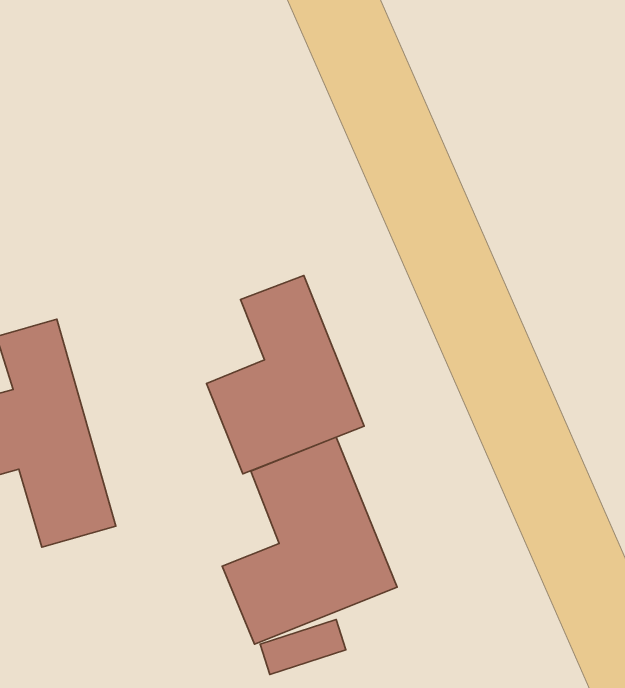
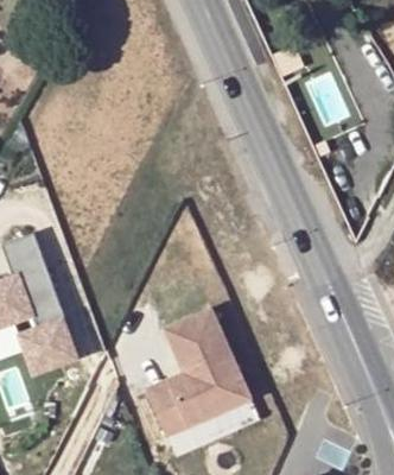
building: [207,275,364,474] -> none

